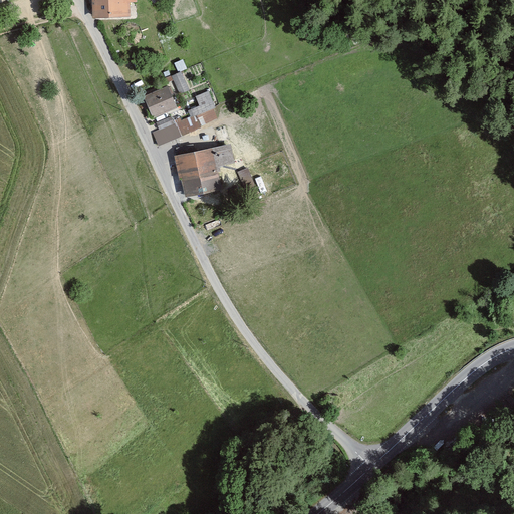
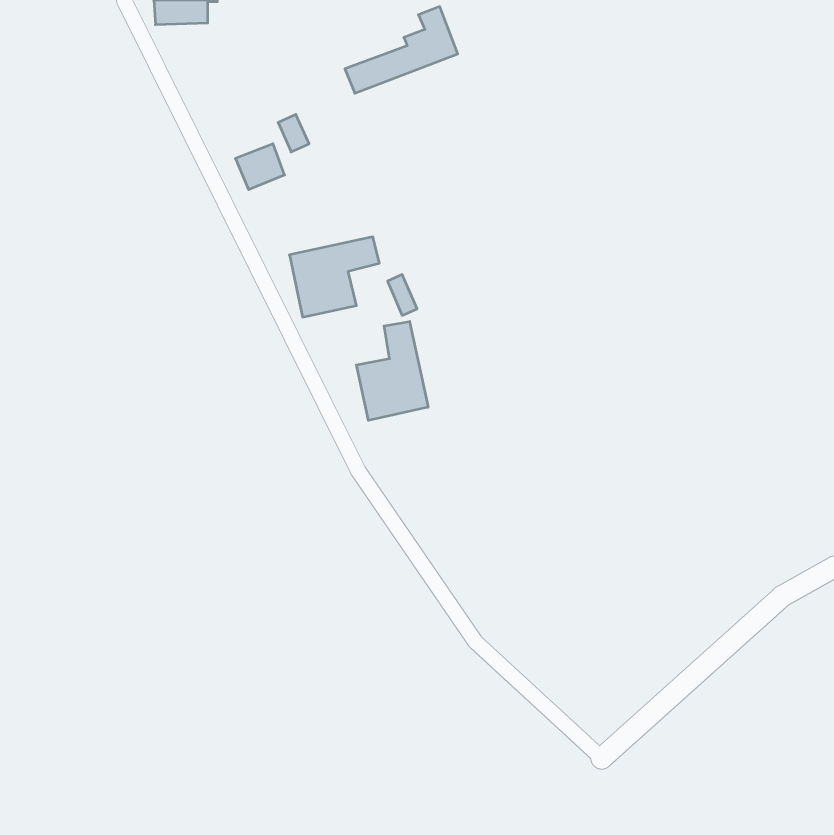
building: [151,90,220,144] -> [345,7,458,93]
building: none -> [356,321,428,420]

